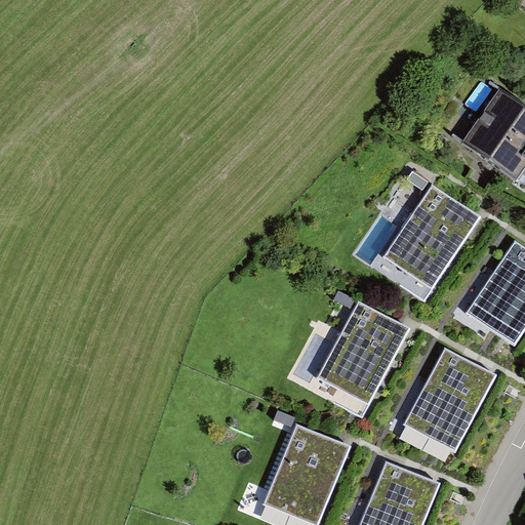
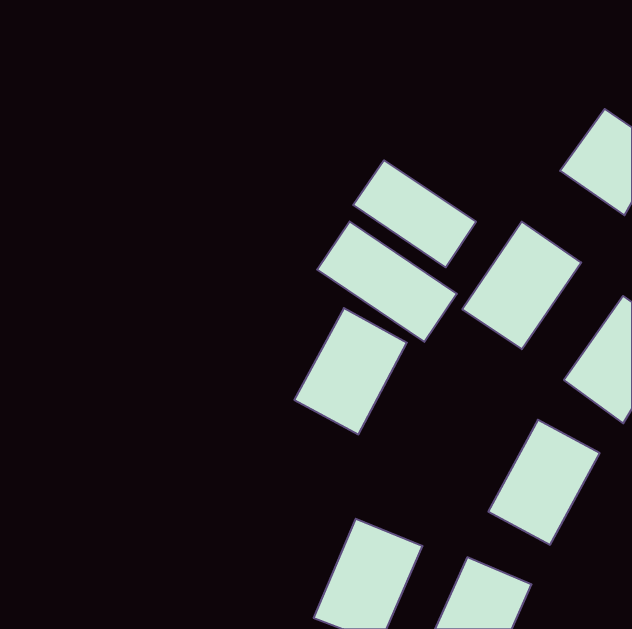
building: none -> [353,160,476,267]
building: none -> [317,221,457,342]
building: [317,302,410,407] -> [294,308,407,434]

